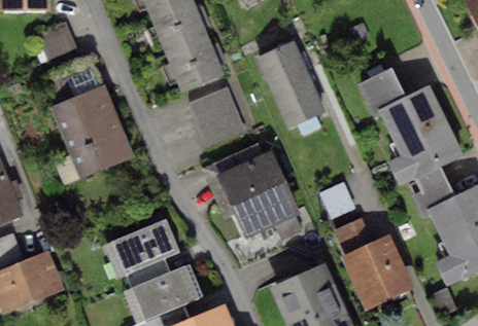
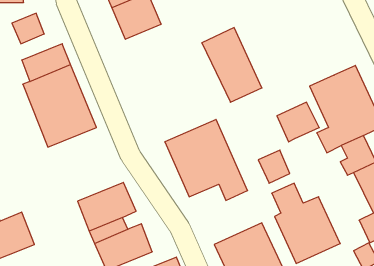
building: [167,37,224,92] -> none
building: [357,67,406,112] -> [277,102,319,142]
building: [190,87,245,148] -> none

